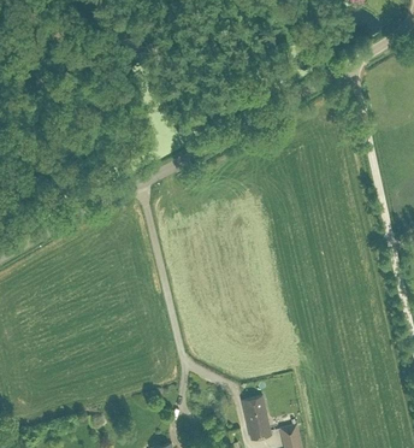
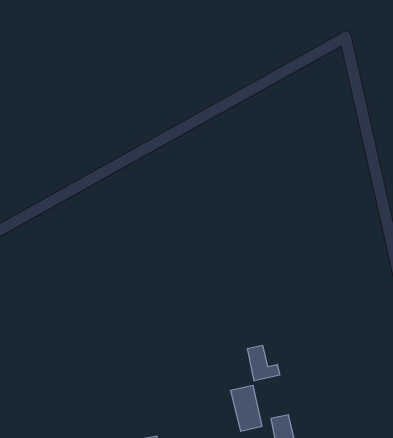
building: none -> [248,345,280,381]

